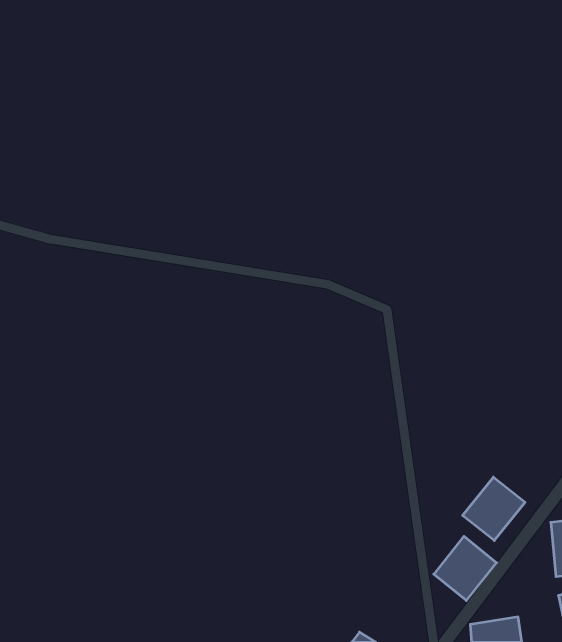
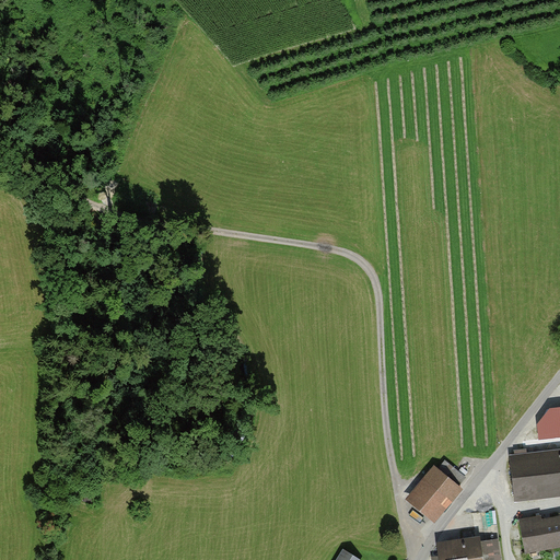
building: [463,477,525,541] -> none

